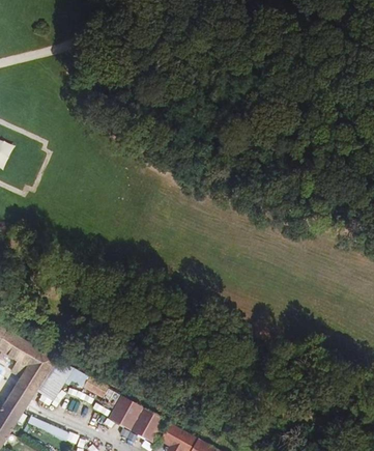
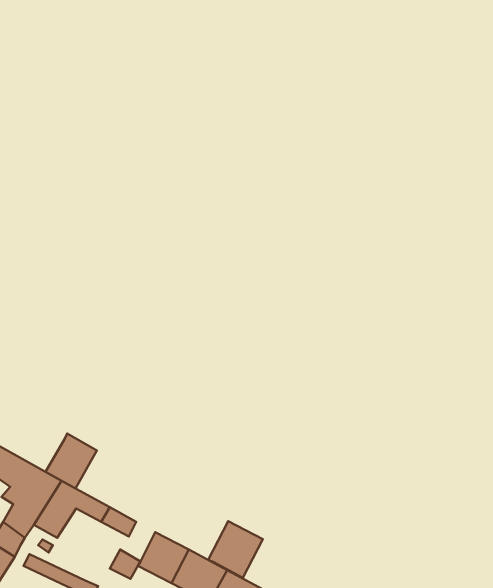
building: none -> [46,434,97,488]
building: none -> [208,521,263,578]

